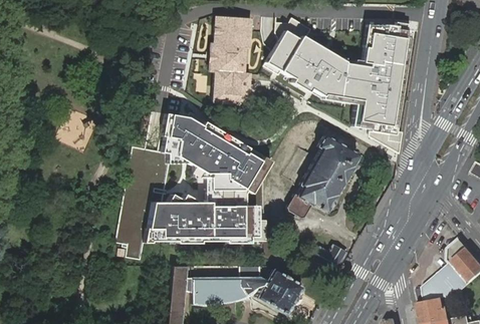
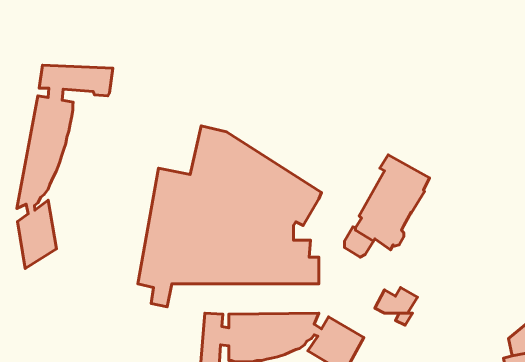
building: [213,15,252,102] -> none
building: [263,22,411,134] -> none
building: none -> [17,65,113,268]

